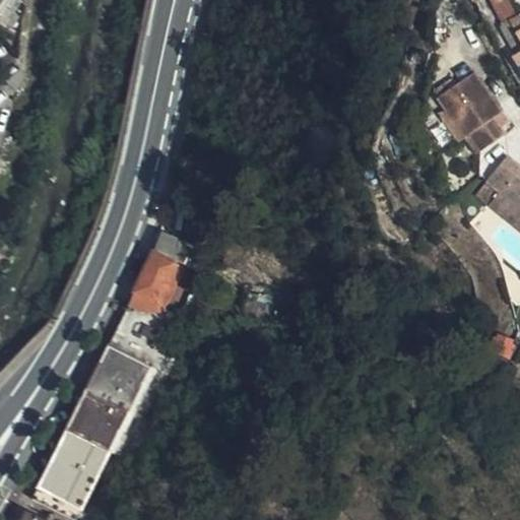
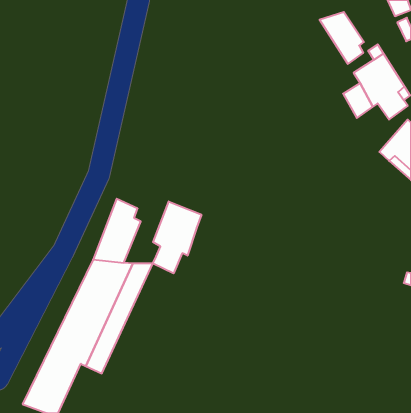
building: none -> [320,12,364,64]
building: none -> [153,201,201,273]

